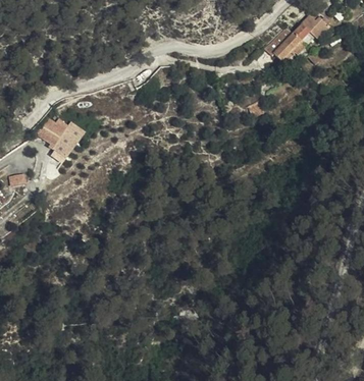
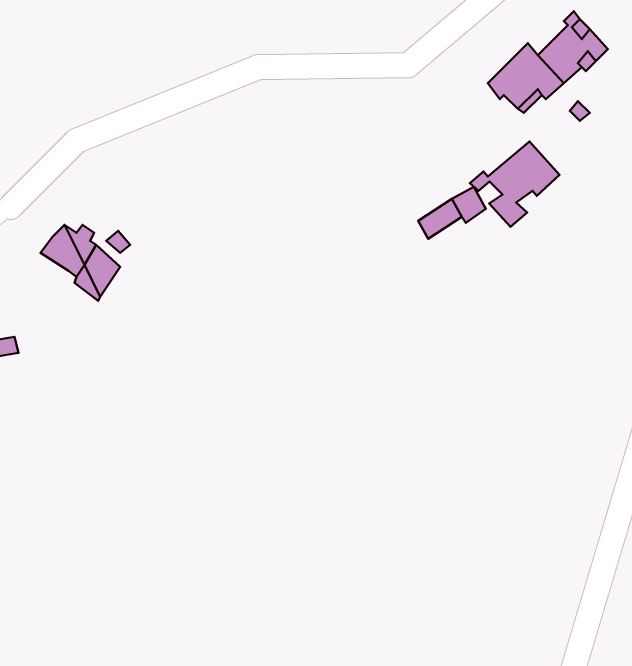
building: none -> [470,141,559,227]

